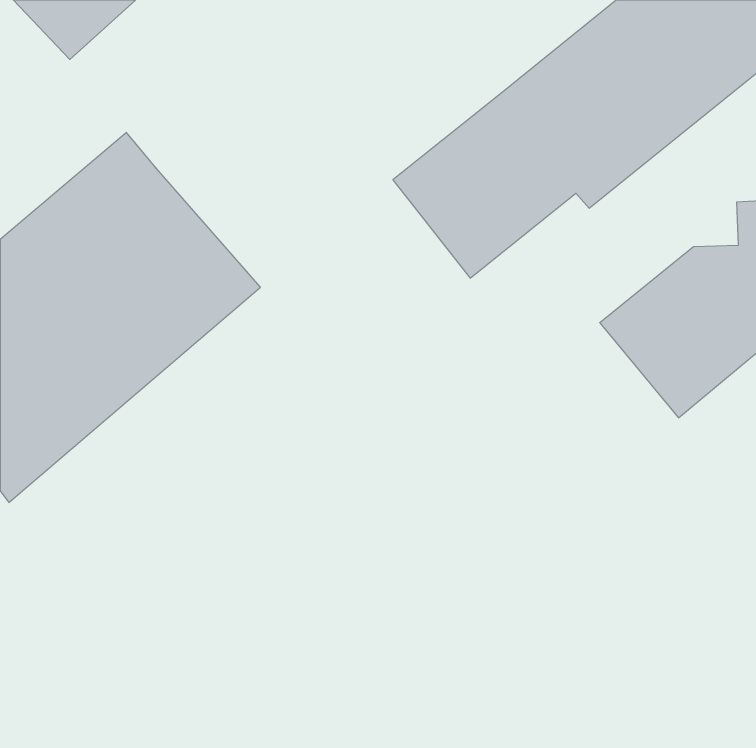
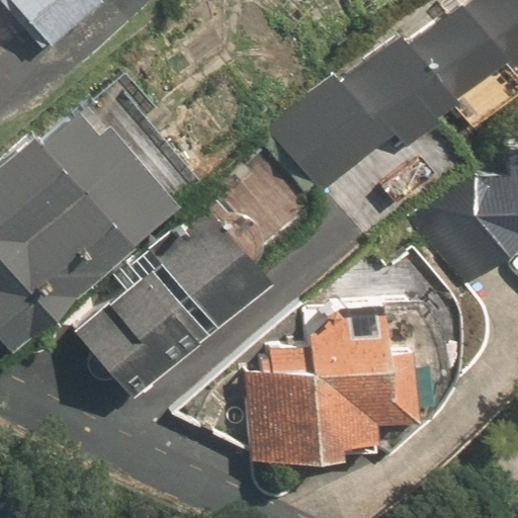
building: none -> [77,211,264,397]
building: none -> [245,316,416,463]

